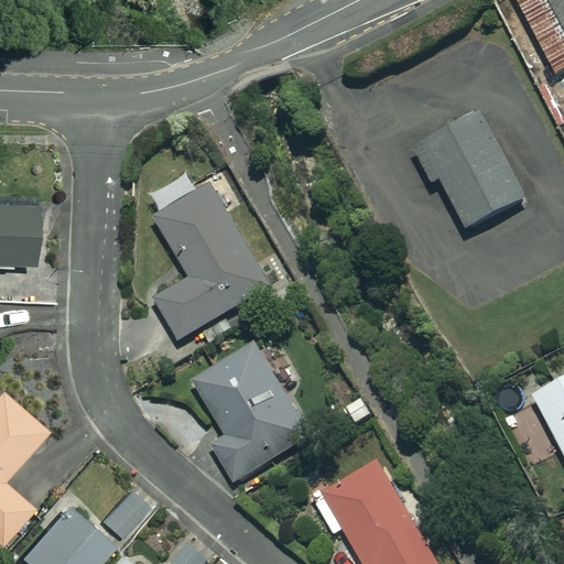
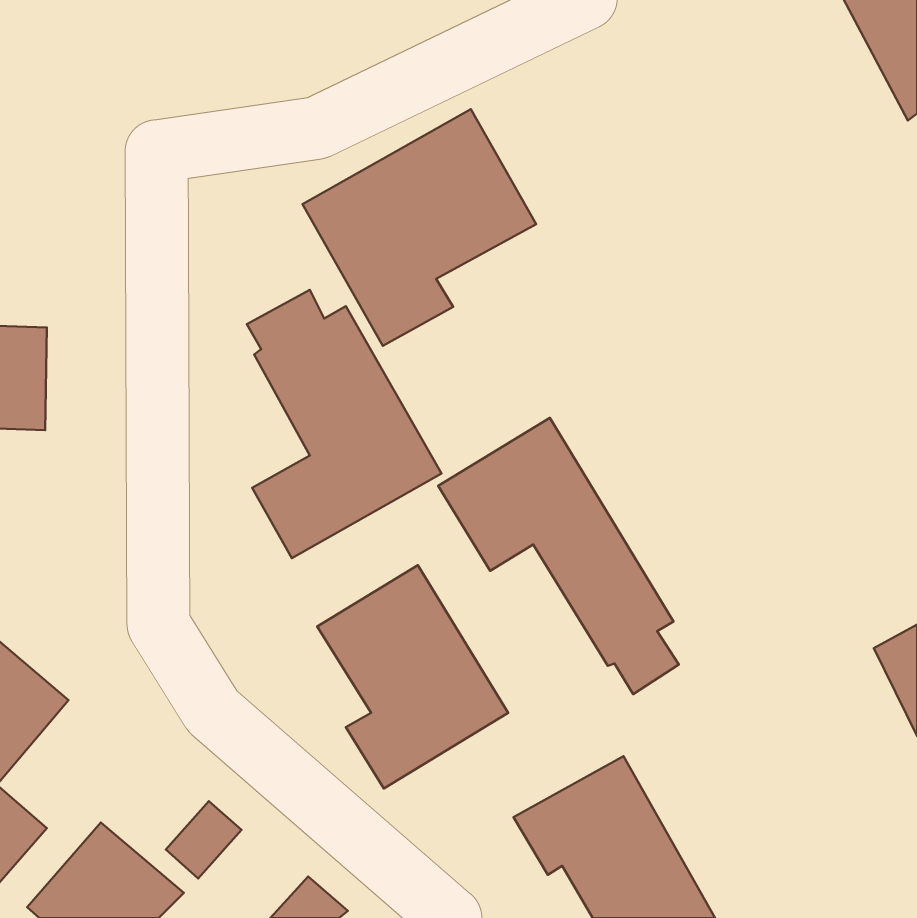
building: none -> [302,109,536,346]
building: [414,113,527,230] -> none
building: none -> [438,418,679,694]

